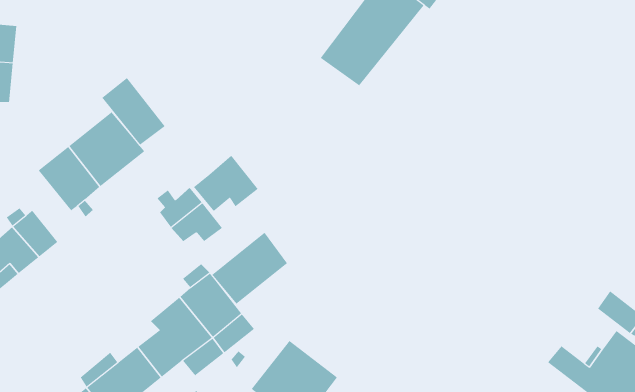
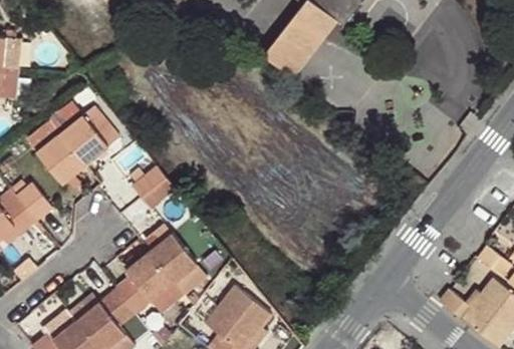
building: [101,77,165,145] -> none
building: [193,155,258,212] -> none
building: [212,232,288,305] -> none

